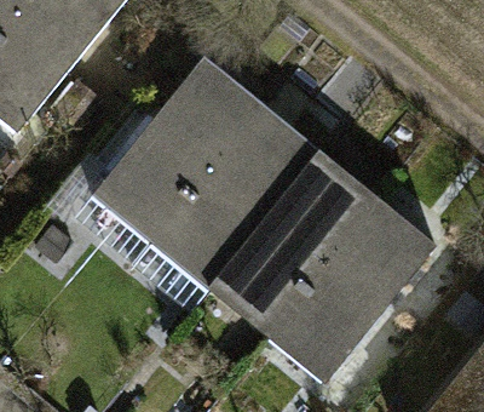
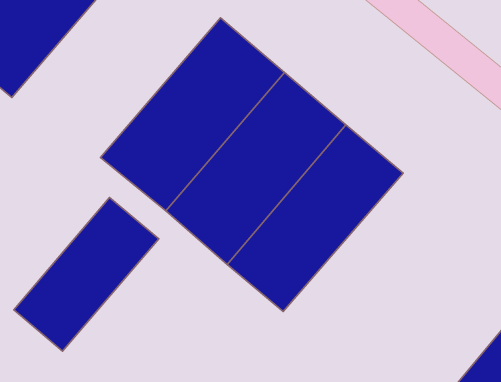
building: [267,204,434,379] -> none
building: none -> [14,197,159,351]

